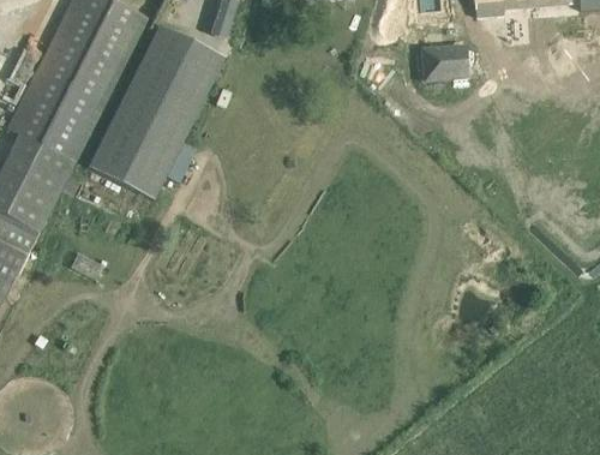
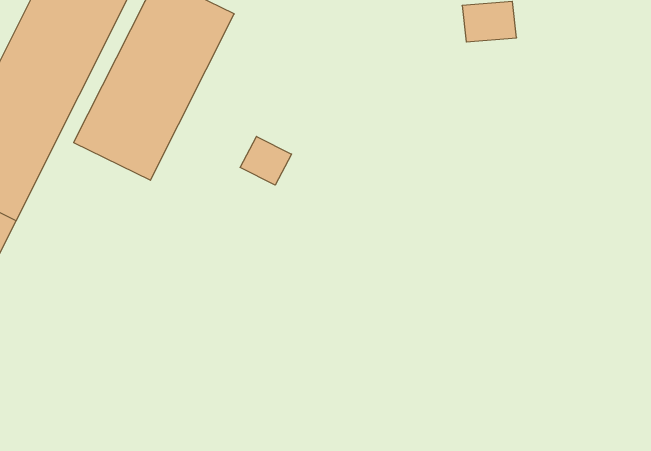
building: none -> [240,136,292,185]

